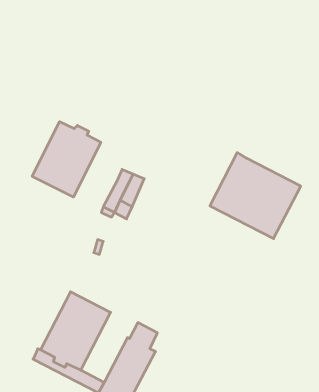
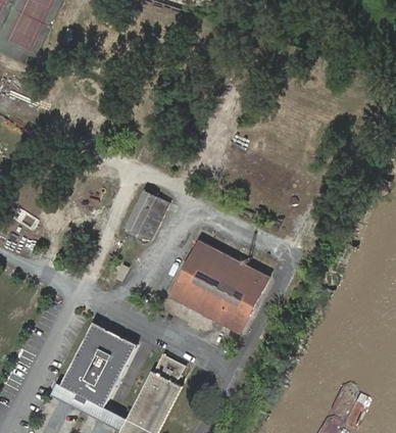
building: [32,122,101,197] -> none
building: [210,153,301,239] -> [170,239,269,333]

